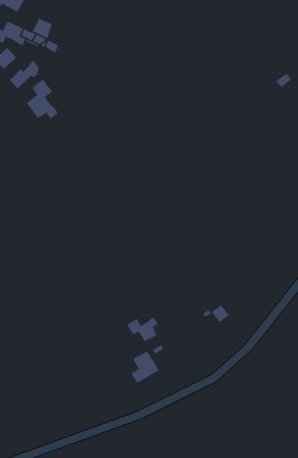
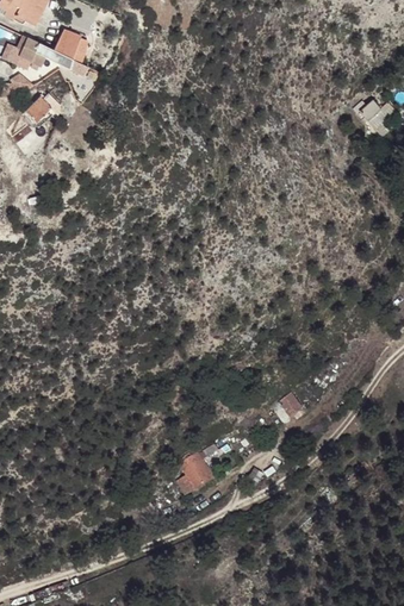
building: [26,79,59,119] -> none
building: [126,317,159,342] -> none

